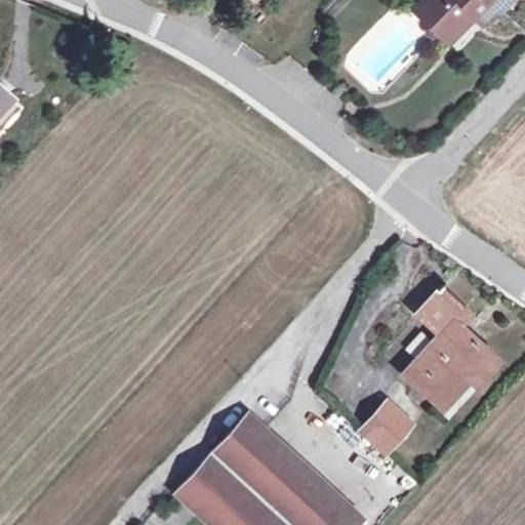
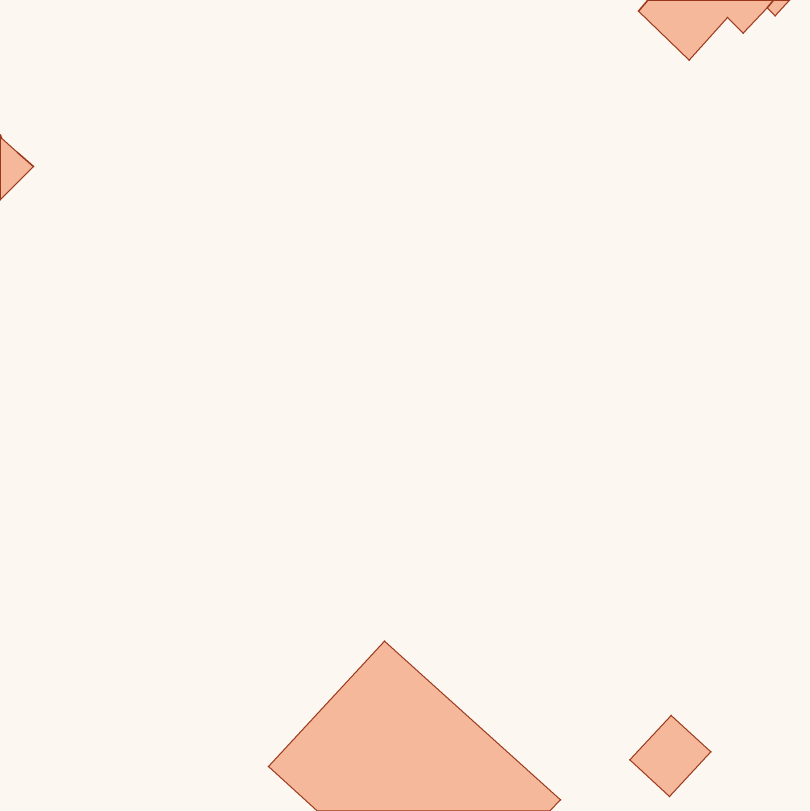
building: [405,287,497,406] -> none
building: [362,399,414,451] -> [630,715,711,796]

